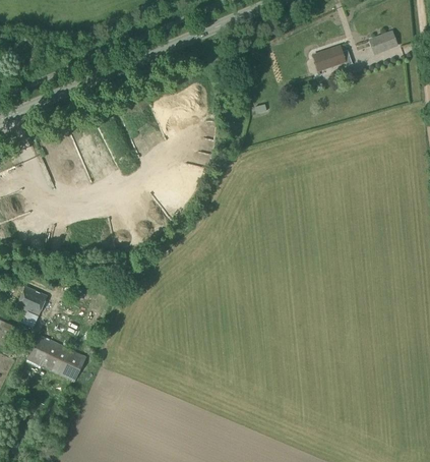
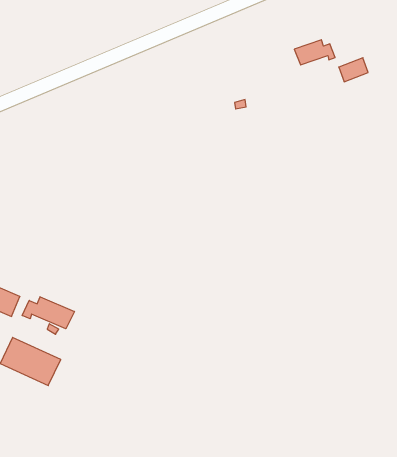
building: [368,31,396,54] -> [339,58,368,82]
building: none -> [22,297,74,329]

